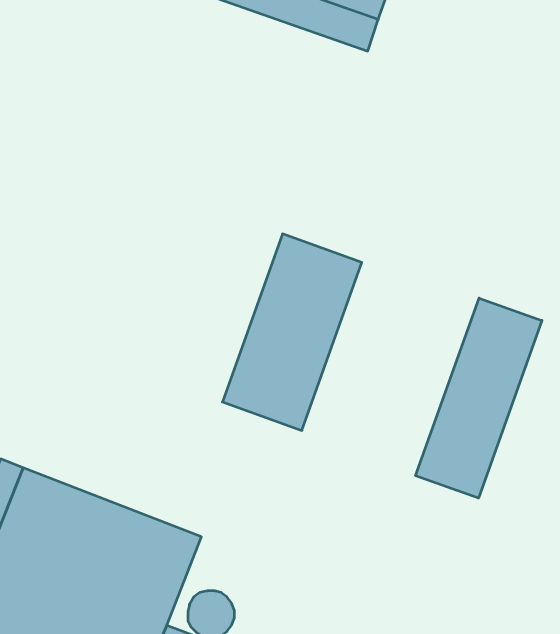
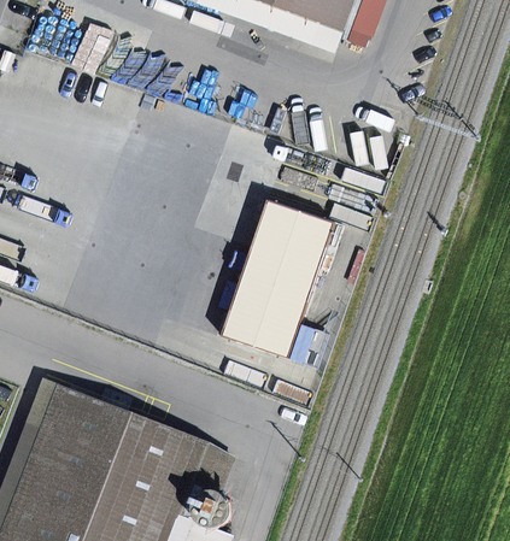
building: [416,298,542,498] -> none

